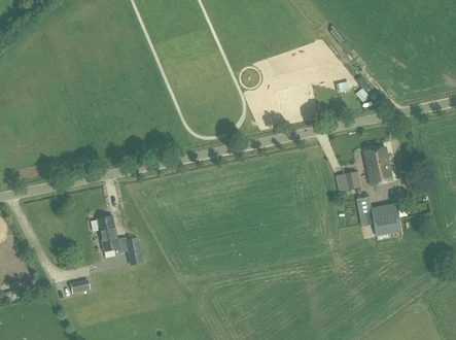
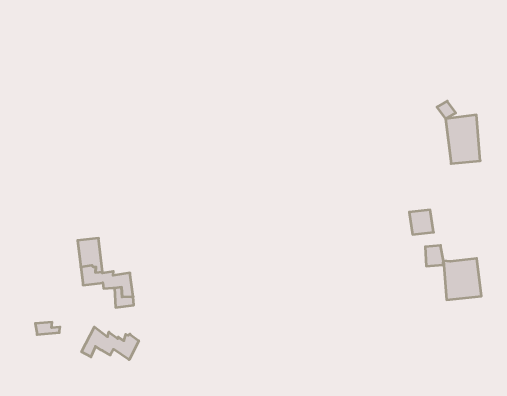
building: [362,146,391,184] -> [446,115,480,164]
building: none -> [82,327,139,360]

